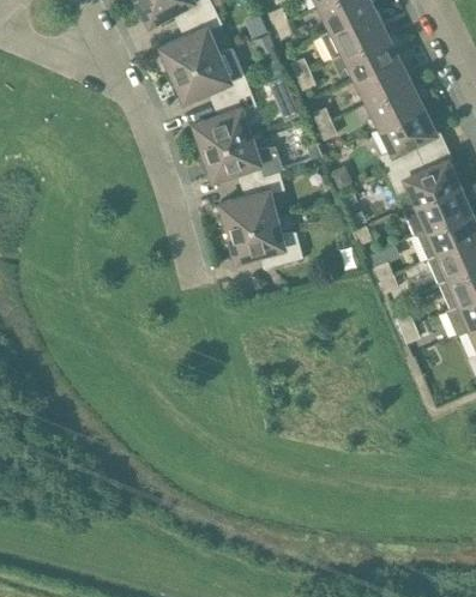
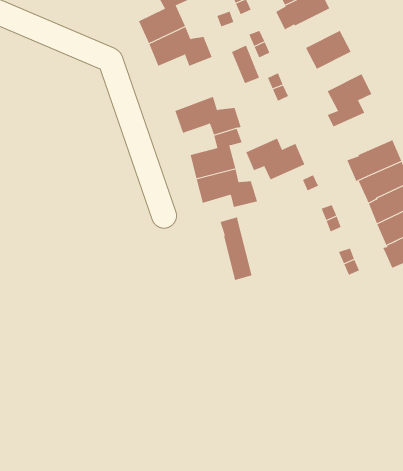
building: [332,32,397,78] -> none
building: [369,83,422,128] -> none
building: [194,89,254,151] -> none
building: [388,153,458,203] -> [245,138,305,180]
building: none -> [220,217,252,281]

